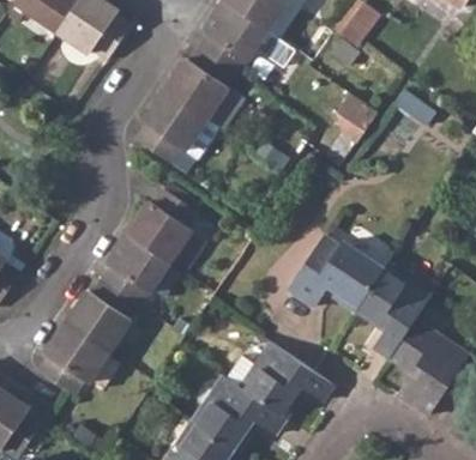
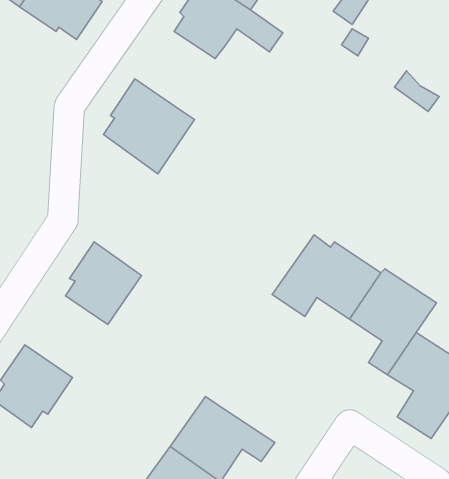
building: [163,53,242,134] -> none
building: [331,91,376,143] -> none
building: [127,195,198,268] -> none
building: [66,286,139,358] -> none
building: [241,341,332,416] -> none

